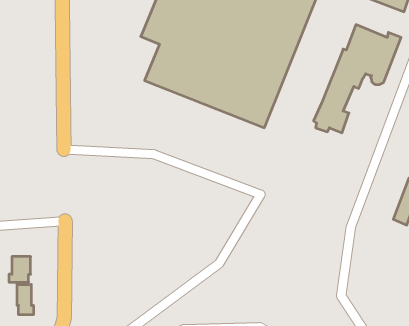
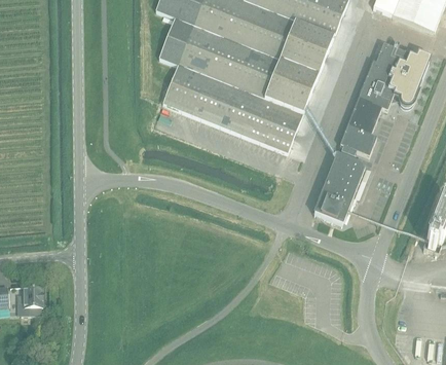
building: none -> [313,155,365,224]
building: [17,284,33,315] -> none

